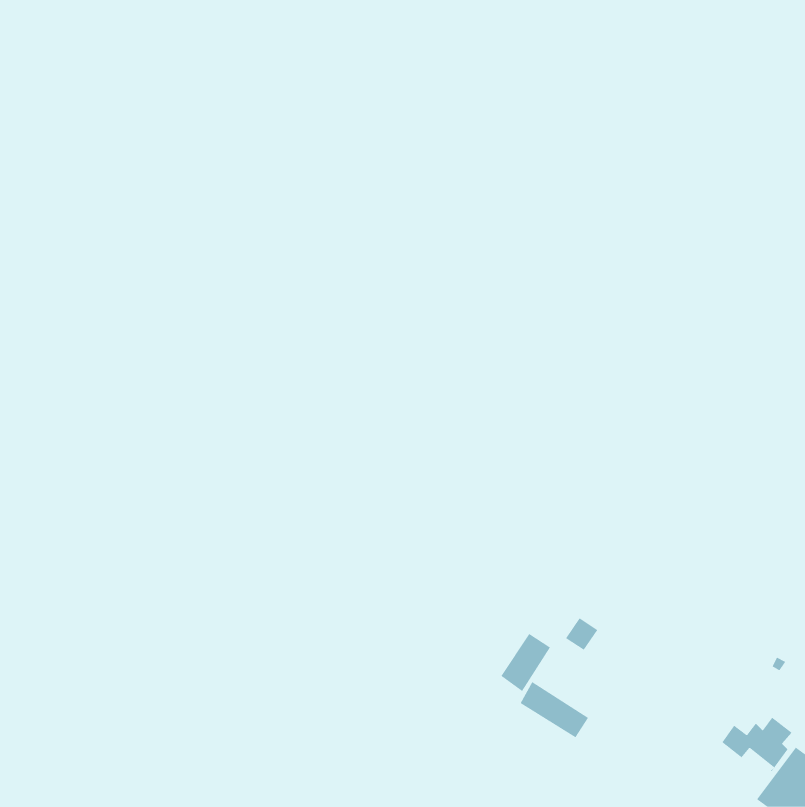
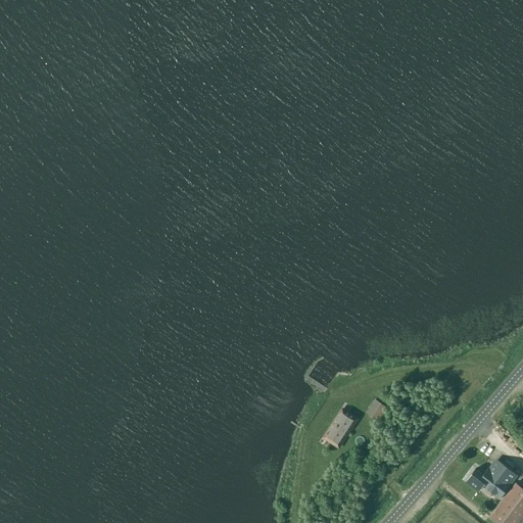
building: [520,681,589,738] -> none

